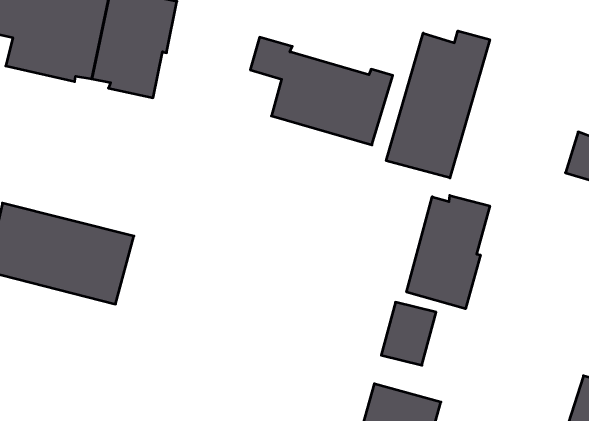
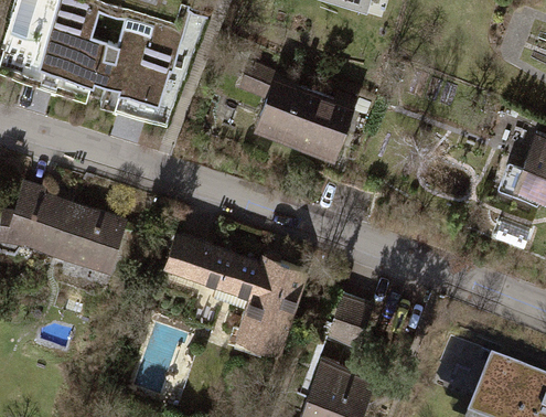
building: [386,31,490,178] -> none
building: [407,195,490,309] -> none
building: none -> [164,232,309,353]

